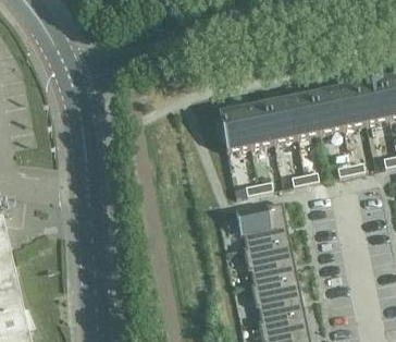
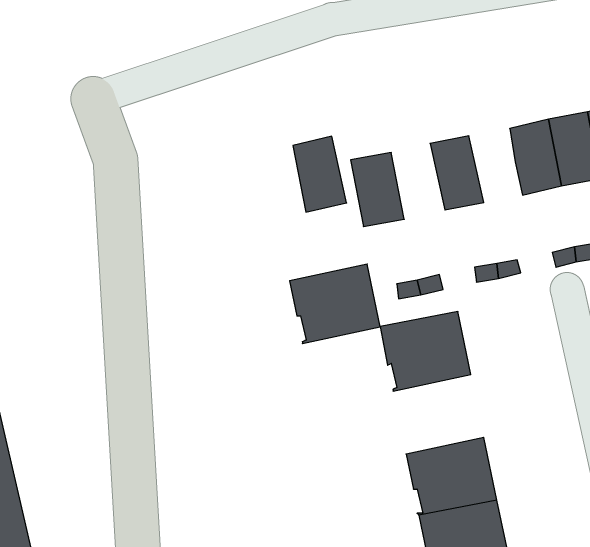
building: [287,95,319,138] -> none
building: [242,103,273,148] -> [293,136,347,212]
building: [243,240,296,286] -> [290,264,380,344]

